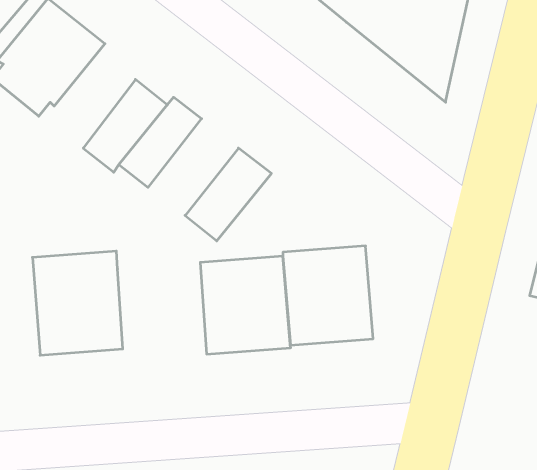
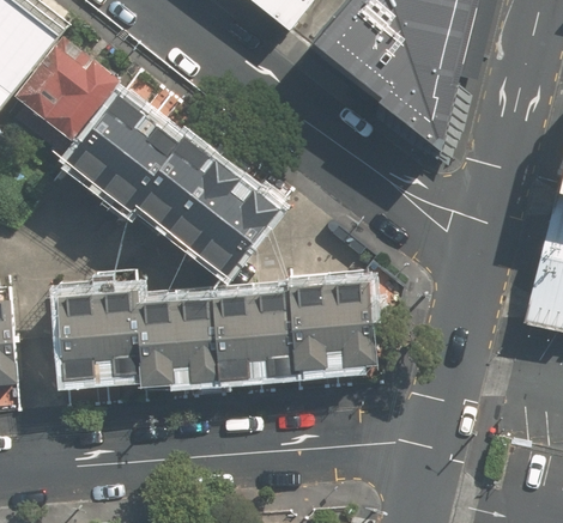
building: none -> [72,98,152,187]
building: none -> [164,159,249,250]
building: none -> [135,294,219,387]

